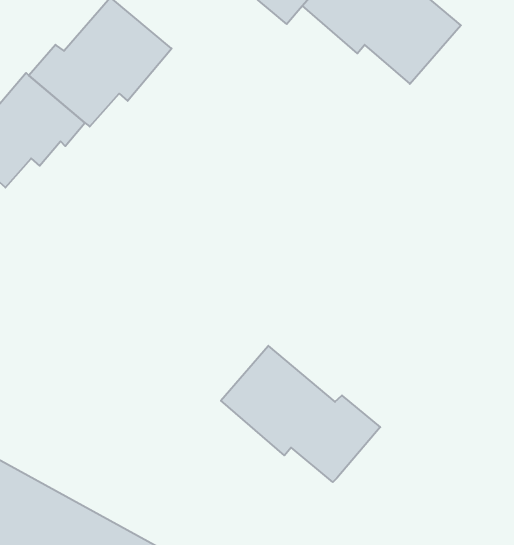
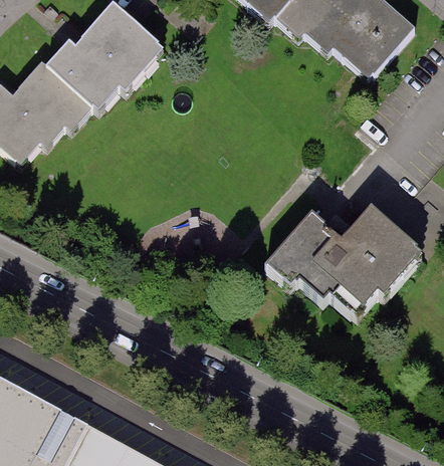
building: none -> [271,210,422,304]
building: [221,346,380,482] -> none

